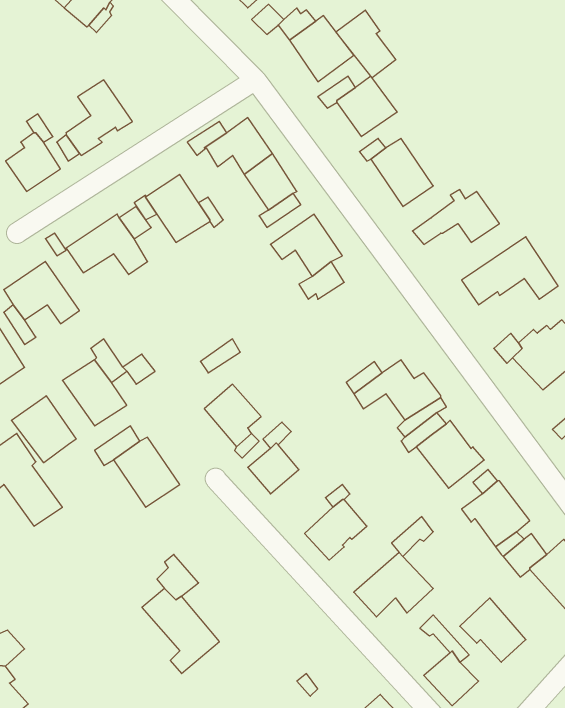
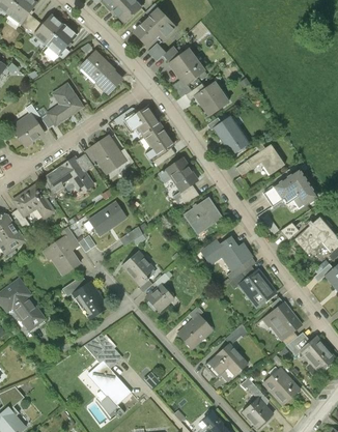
building: [336,10,396,78] -> none
building: none -> [78,50,124,95]
building: none -> [184,197,222,233]
building: none -> [88,201,126,235]
building: [11,396,76,463] -> none

